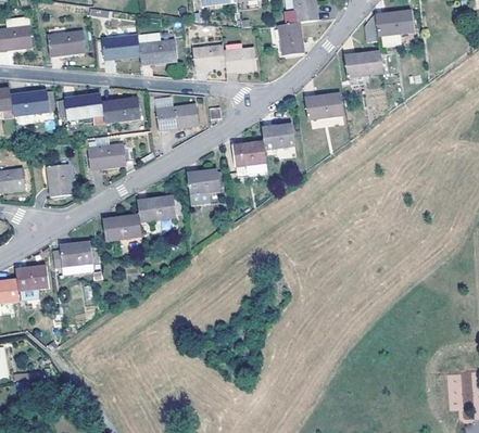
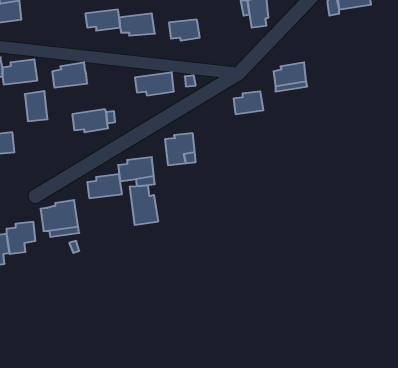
building: [47,29,85,53] -> none
building: [224,47,256,71] -> none
building: [344,50,382,82] -> none
building: [102,97,140,124] -> none
building: [226,141,267,171] -> none
building: [47,164,72,196] -> [25,91,48,121]
building: none -> [130,186,158,225]

